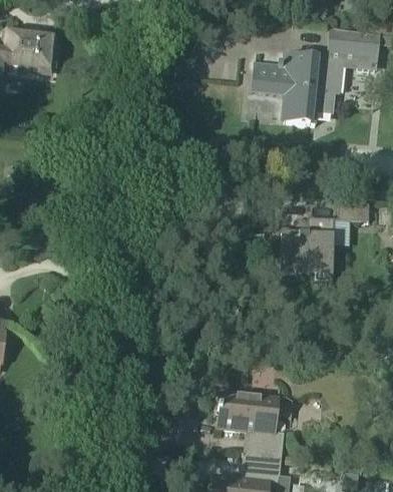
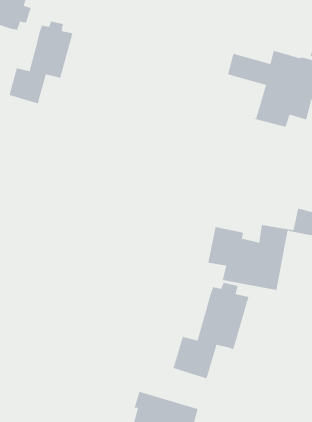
building: none -> [9,21,73,104]
building: none -> [173,282,249,379]

